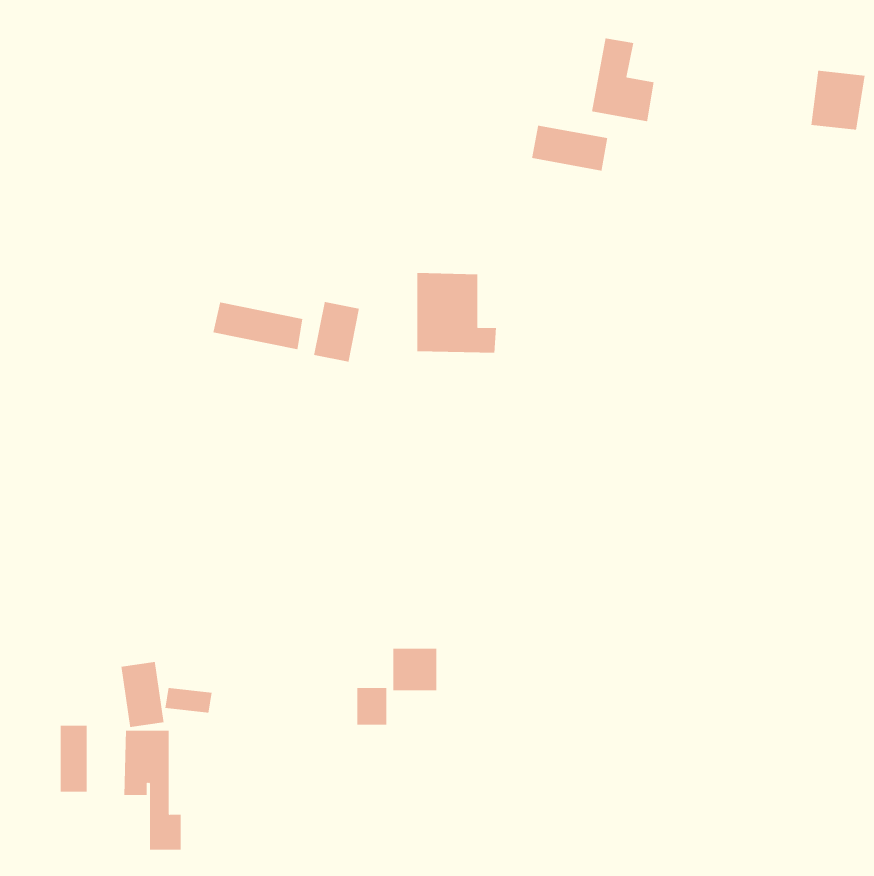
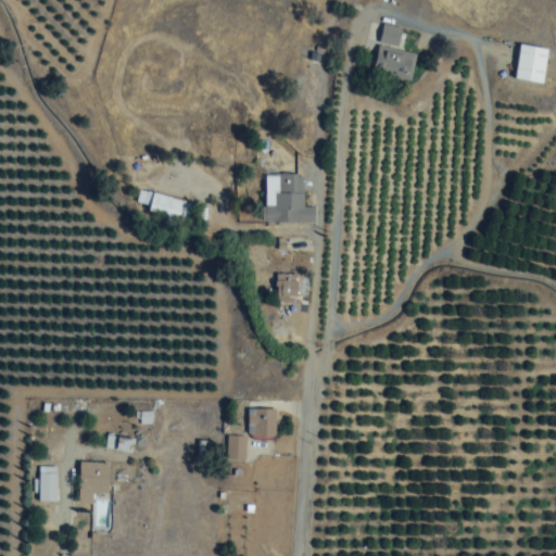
building: [532,125,608,171] -> none
building: [314,301,360,363] -> none
building: none -> [277,275,299,296]
building: [121,661,164,728] -> none

